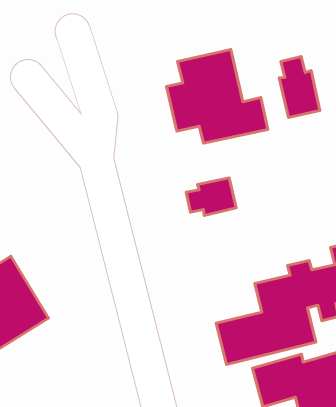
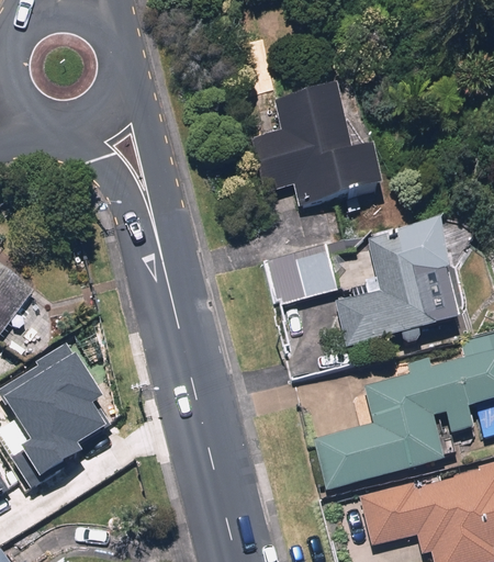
building: [279,57,320,118] -> none
building: none -> [339,224,449,347]

